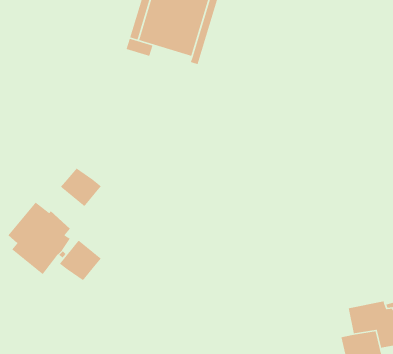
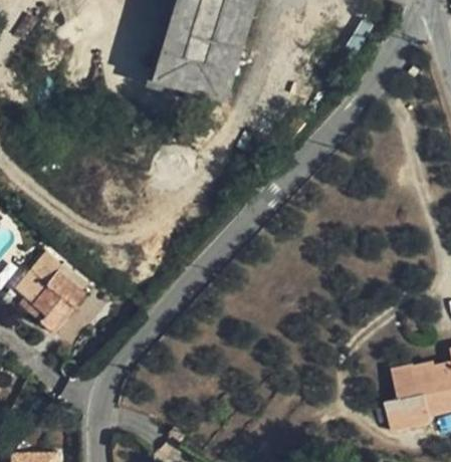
building: [60,167,102,207] -> none
building: [59,239,102,281] -> none

